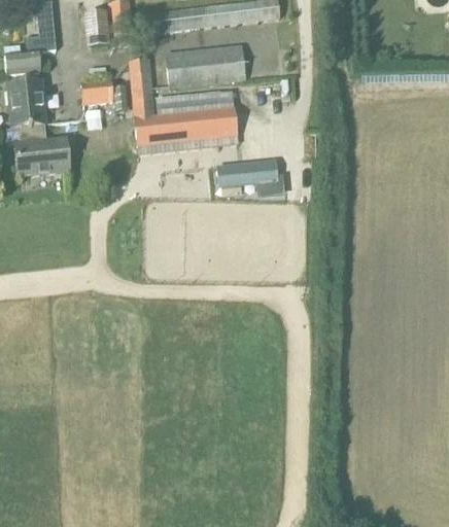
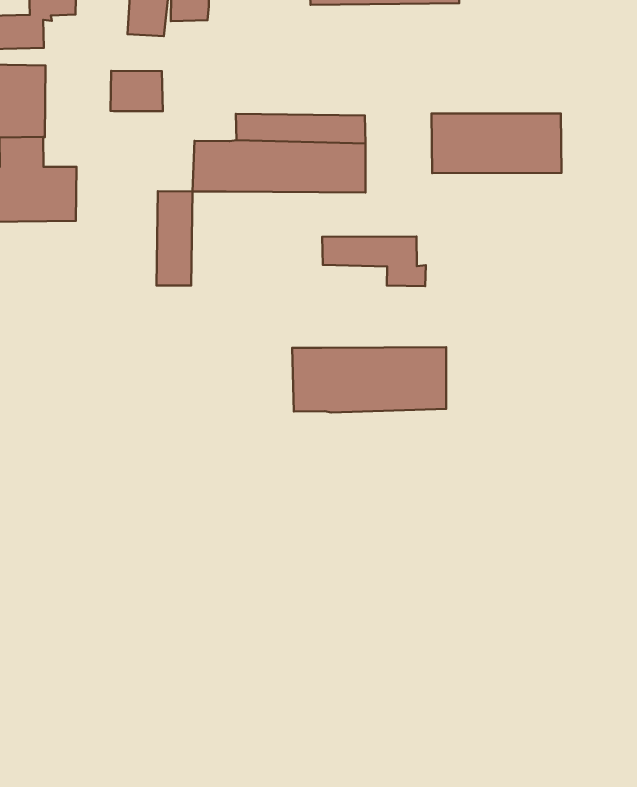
building: [166,44,246,87] -> [432,114,562,173]
building: [129,59,154,116] -> [156,191,193,286]
building: none -> [292,347,446,413]

